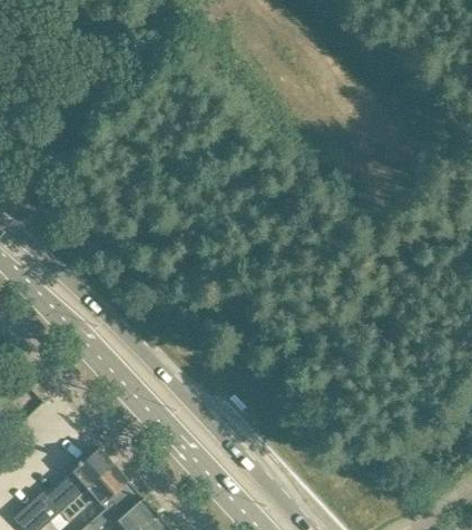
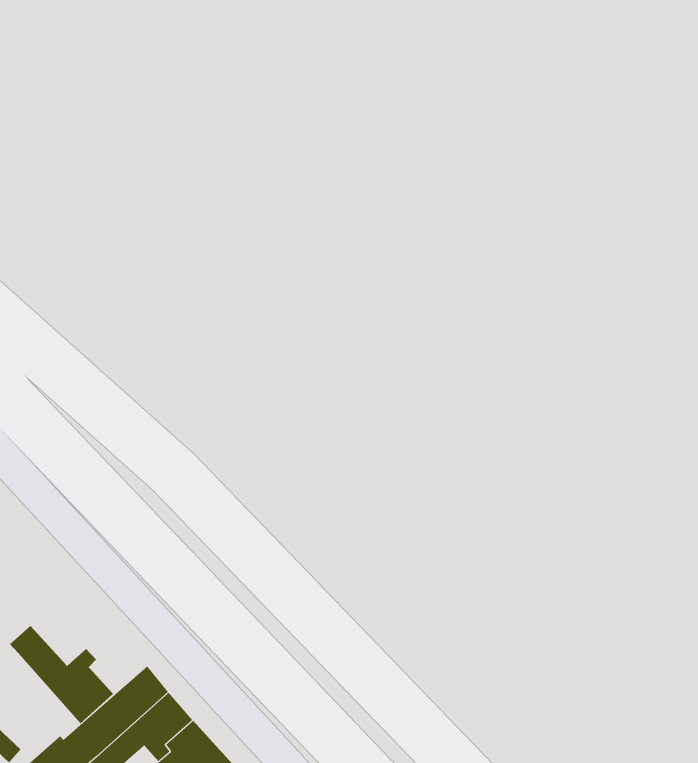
building: none -> [9,625,114,724]

